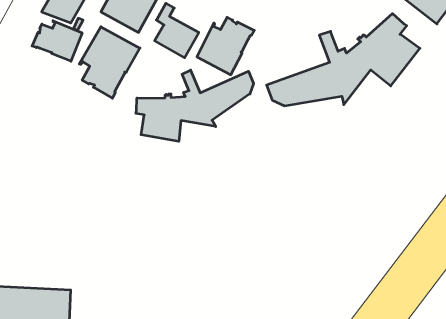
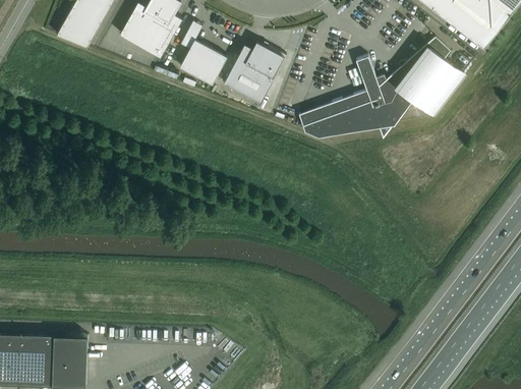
building: [32,21,82,61] -> none
building: [79,27,140,98] -> none
building: [136,70,254,141] -> none

